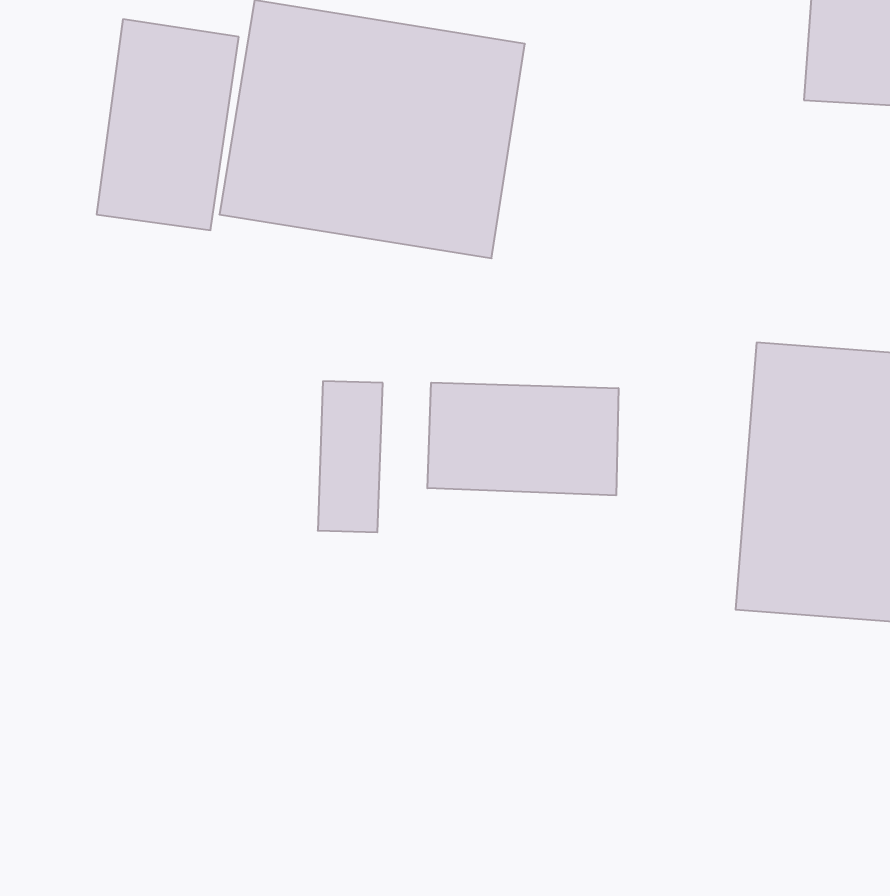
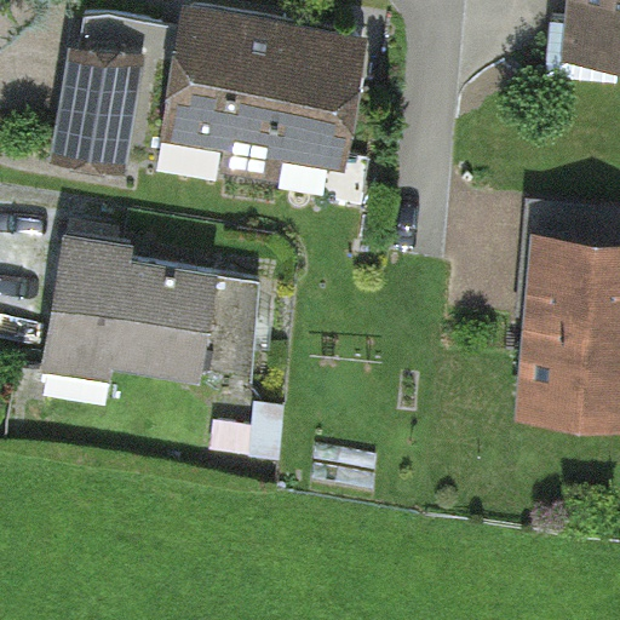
building: none -> [44,254,211,385]
building: [427,383,618,495] -> none

